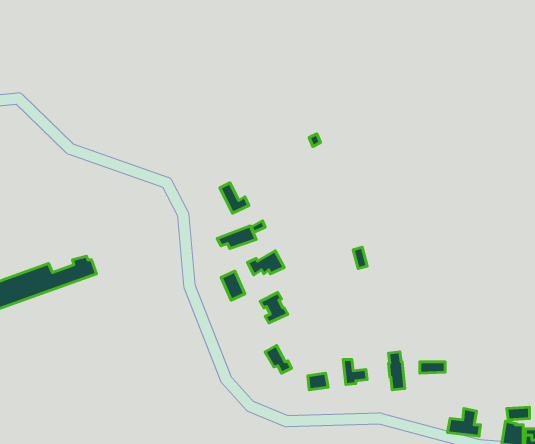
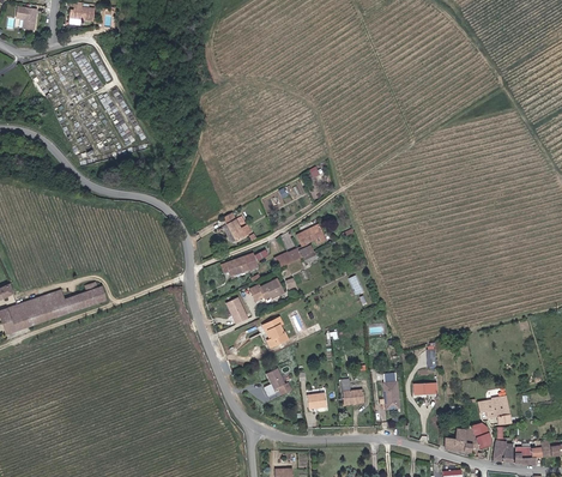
building: none -> [273,224,325,267]
building: none -> [477,396,509,424]
building: none -> [465,422,491,452]

